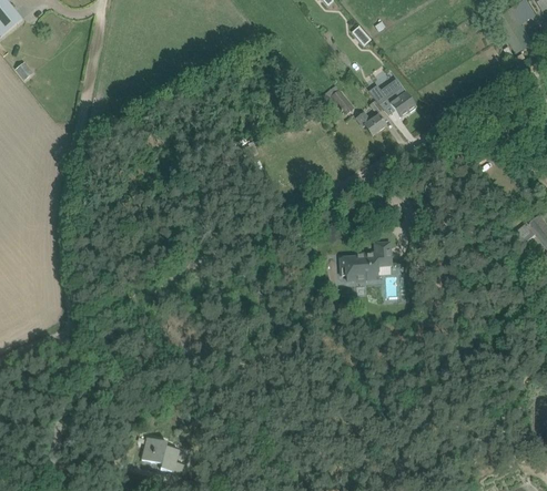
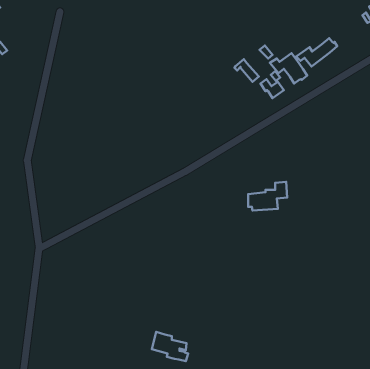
building: none -> [296,38,337,66]
building: [141,437,188,474] -> [152,332,188,361]

